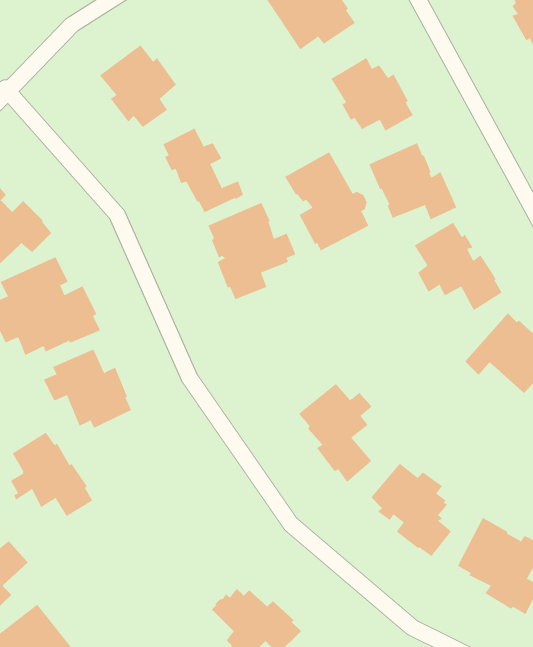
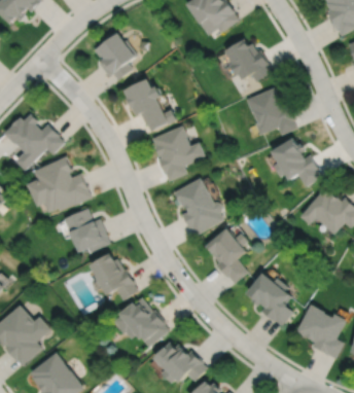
building: [284,151,369,251] -> [174,177,222,234]
building: [10,432,93,517] -> [92,251,139,299]
building: none -> [116,296,170,346]

